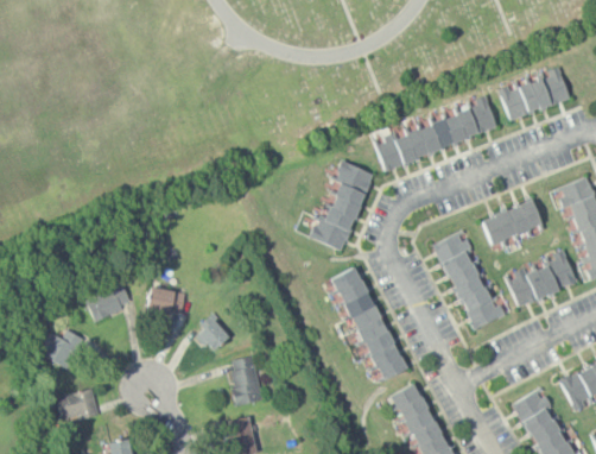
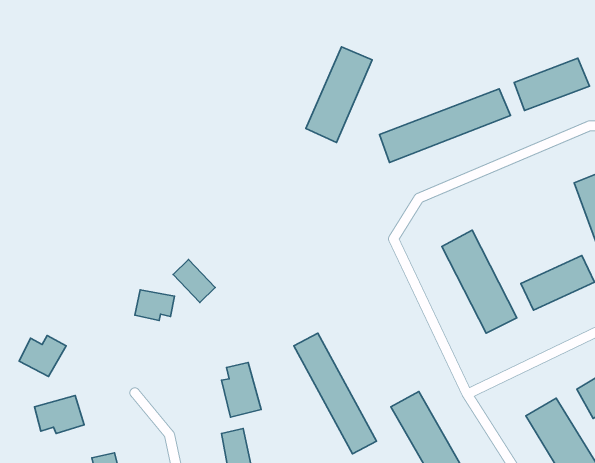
building: [312,163,374,252] -> [306,47,372,142]
building: [482,200,541,246] -> none
building: [330,269,407,382] -> [294,333,377,454]
building: [85,283,129,322] -> none
building: [192,315,232,355] -> [173,259,215,303]

